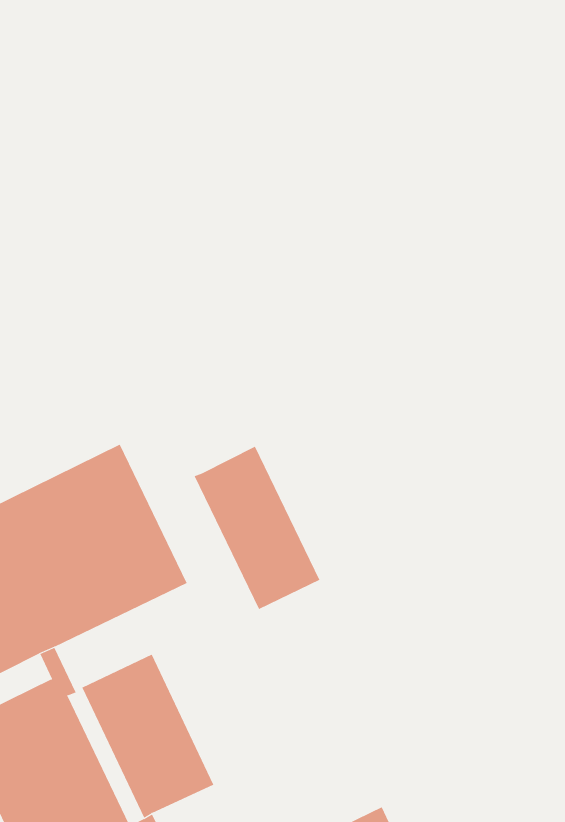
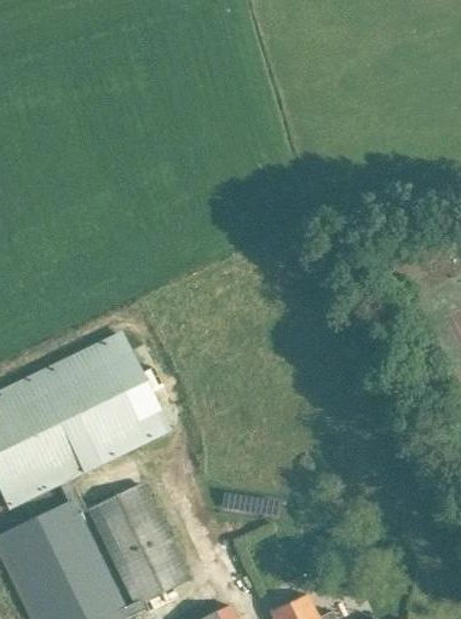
building: [194,446,320,610] -> none

